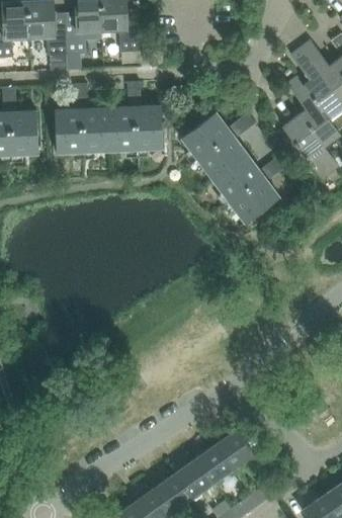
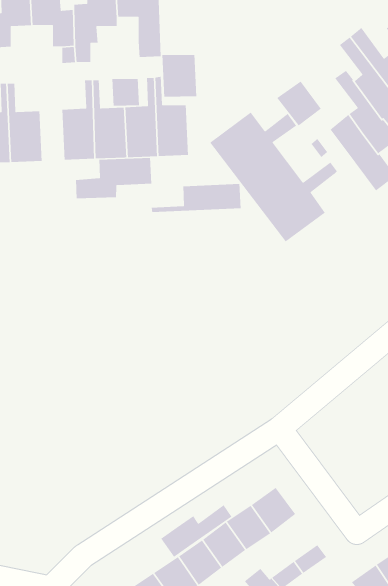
building: none -> [161,54,197,97]
building: none -> [112,78,140,107]
building: none -> [276,80,322,127]
building: none -> [75,157,152,199]
building: none -> [151,183,242,213]
building: none -> [160,504,232,558]

